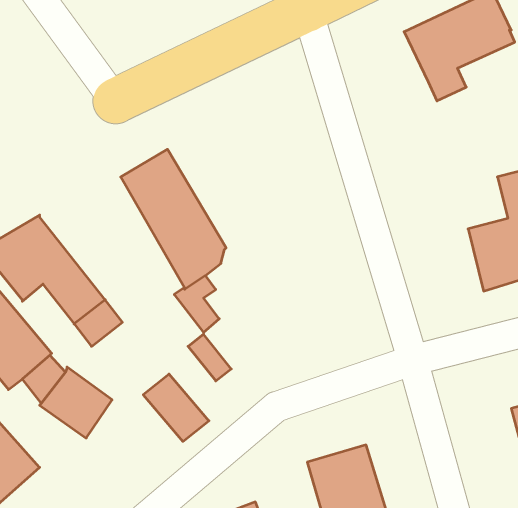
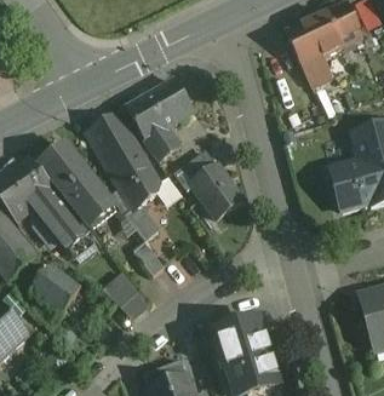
building: none -> [126,79,194,157]
building: none -> [40,144,115,226]
building: none -> [191,162,242,216]

